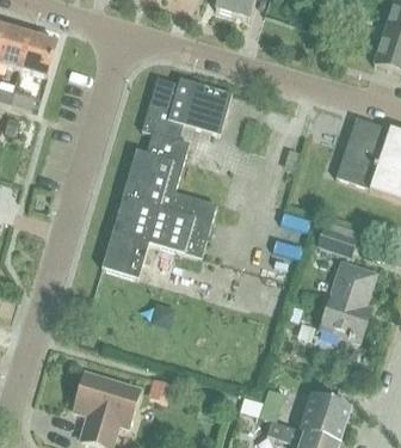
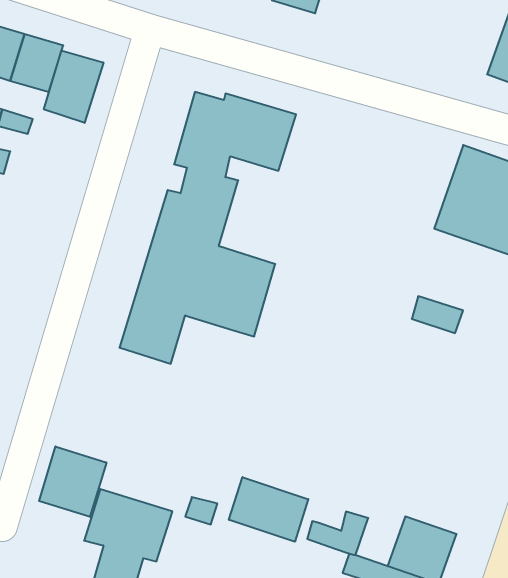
building: none -> [44,51,103,123]
building: [320,262,376,340] -> none
building: none -> [39,446,106,517]
building: none -> [229,477,308,542]

